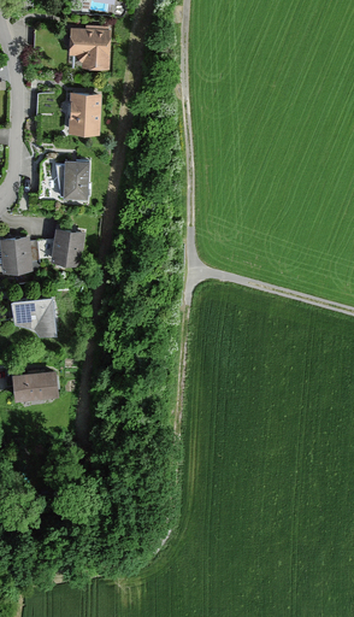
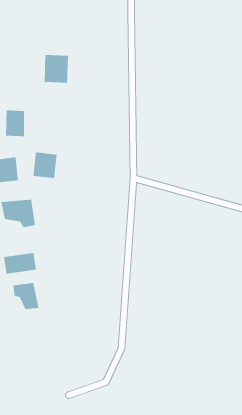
building: [69,29,111,69] -> none
building: [61,163,89,201] -> [5,110,25,137]
building: none -> [13,282,39,310]

